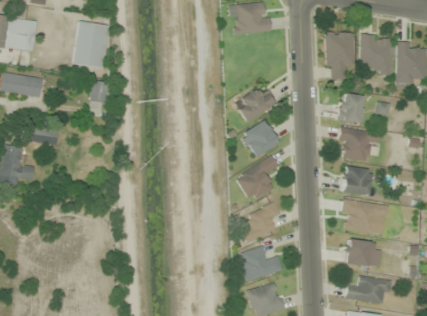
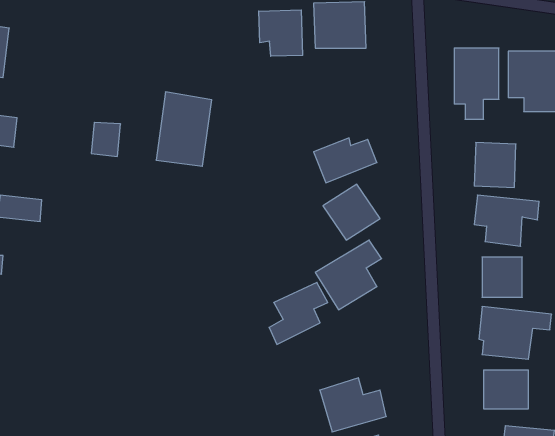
building: none -> [259,10,303,56]
building: [73,21,109,69] -> [156,92,212,166]
building: [244,203,282,243] -> [269,282,328,344]

